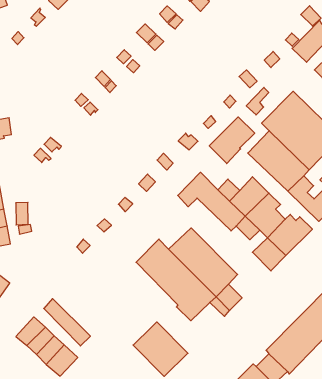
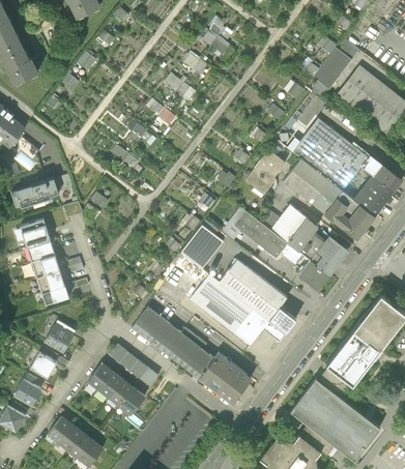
building: none -> [184,233,215,266]
building: none -> [133,306,214,378]

